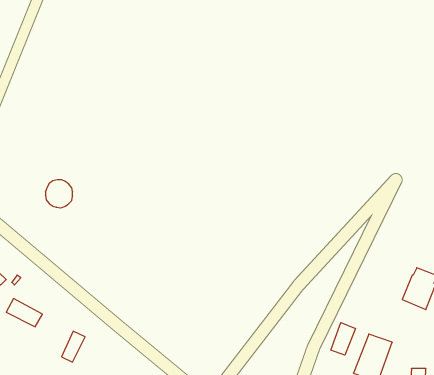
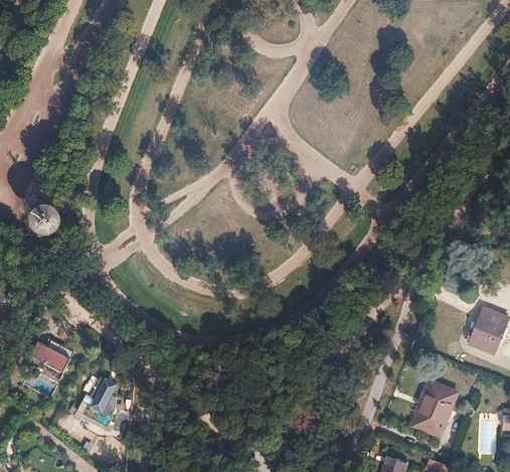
building: [45,180,73,208] -> [30,204,60,235]
building: [331,323,355,355] -> none

